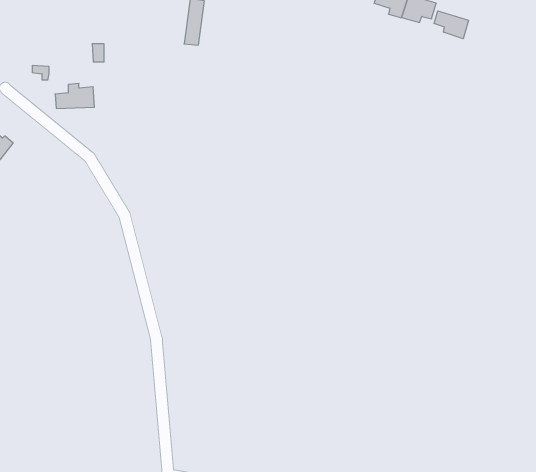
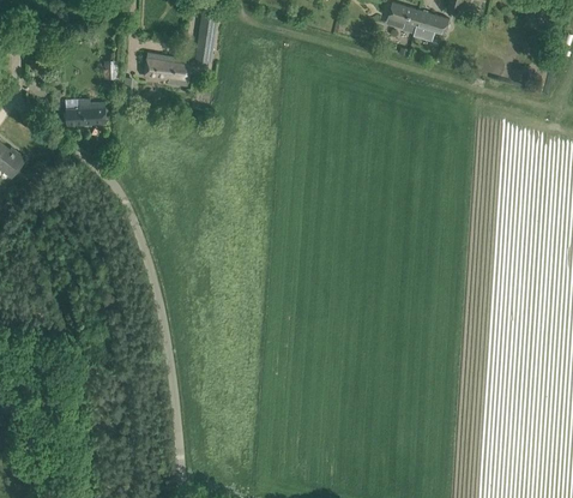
building: [434,11,468,39] -> none
building: none -> [144,54,191,86]

